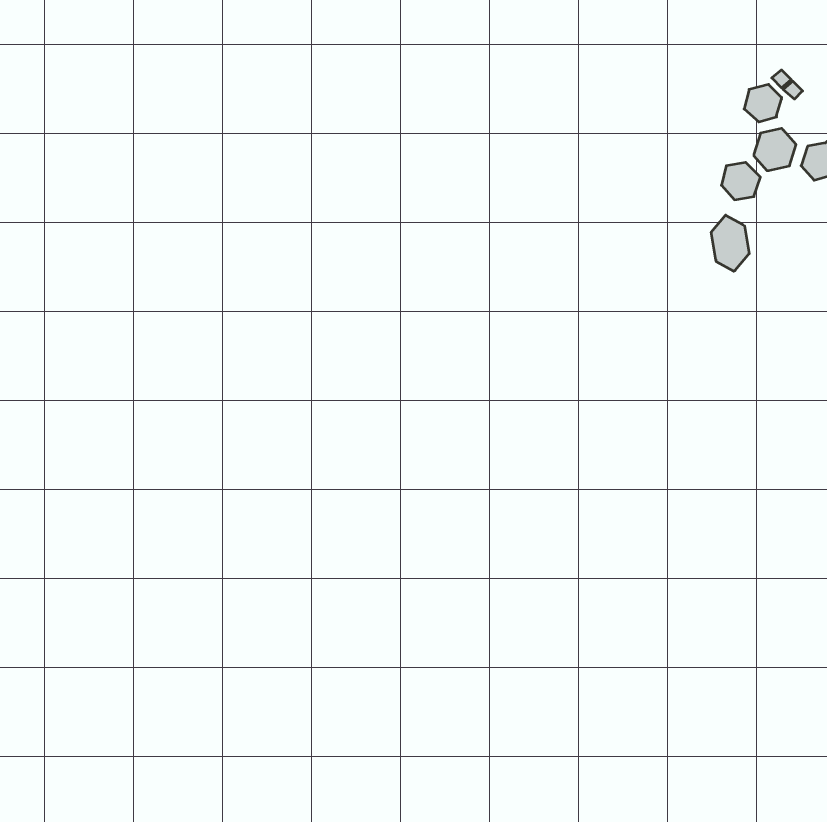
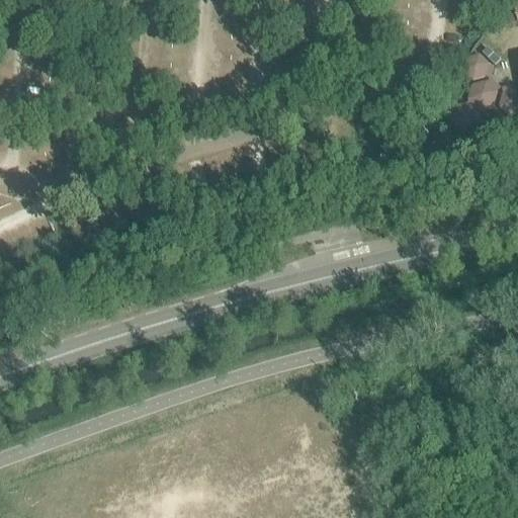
building: [711,215,749,271] -> none

